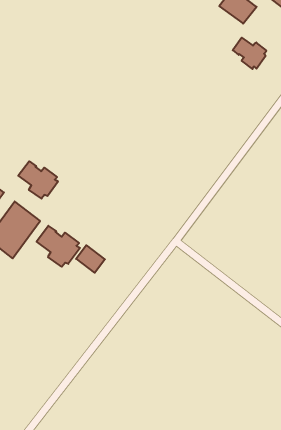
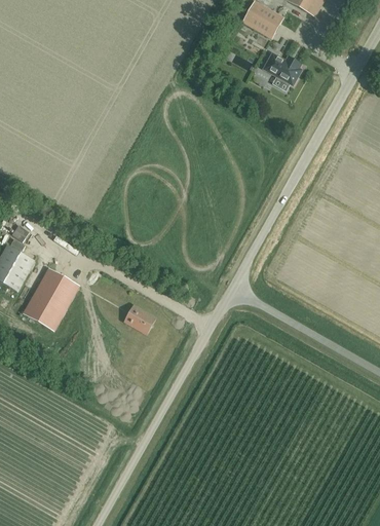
building: [18,161,58,199] -> none
building: [37,226,80,267] -> none

